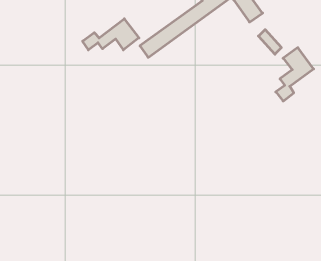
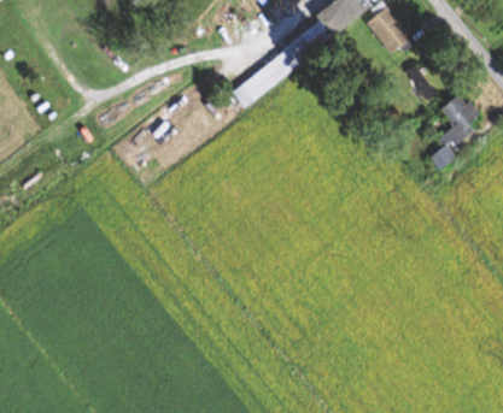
building: [83,19,139,50] -> none

